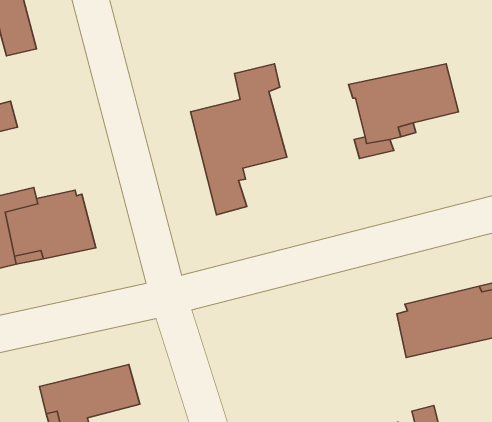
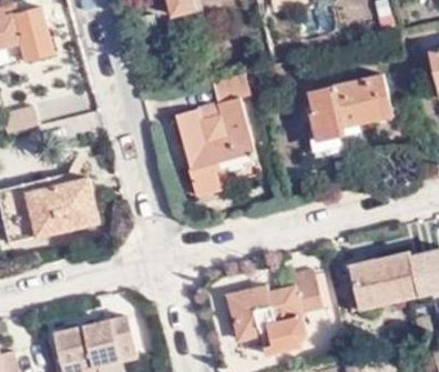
building: none -> [228,269,321,351]

